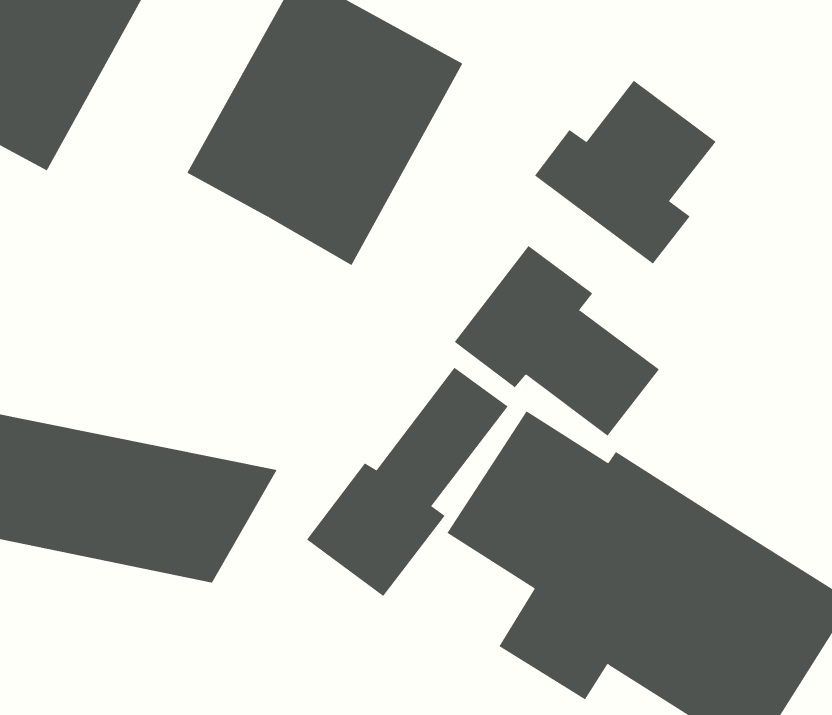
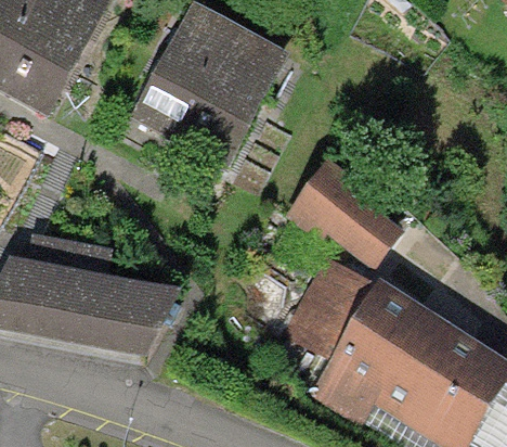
building: [534,80,716,265] -> none
building: [306,367,508,597] -> none

